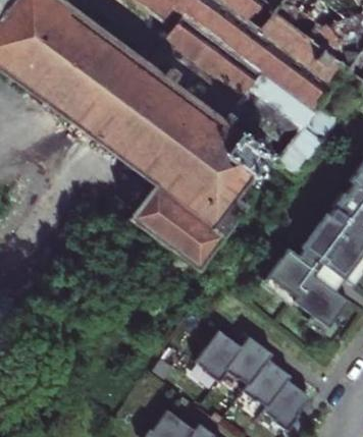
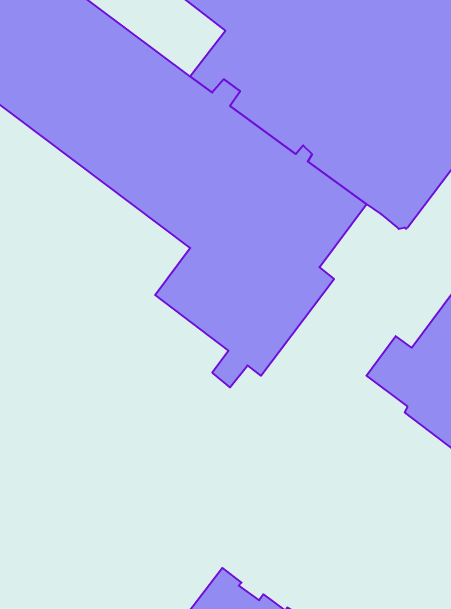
building: [195,327,308,424] -> none

